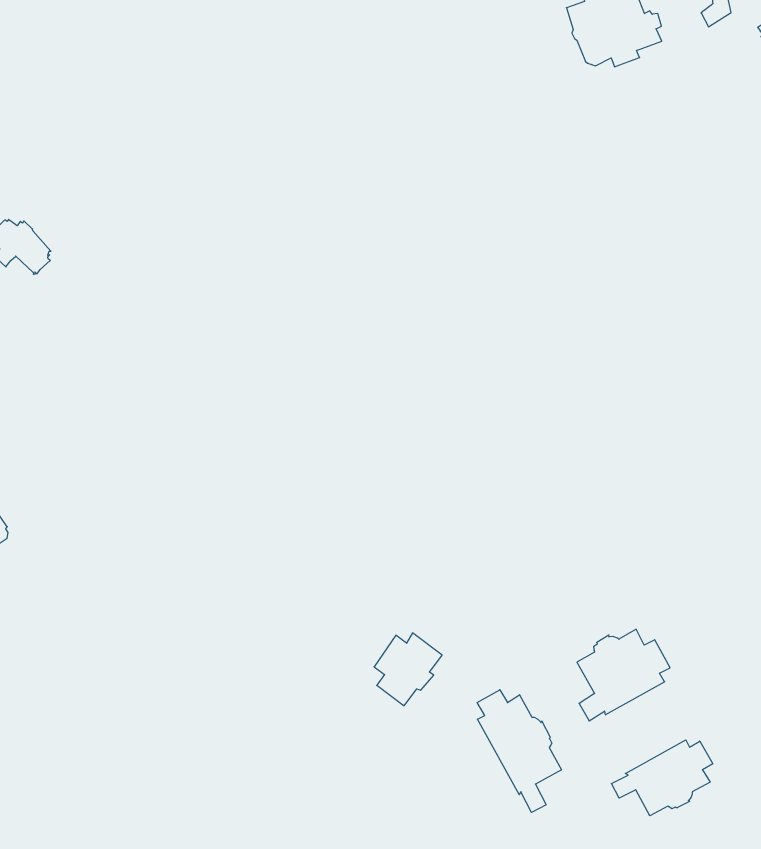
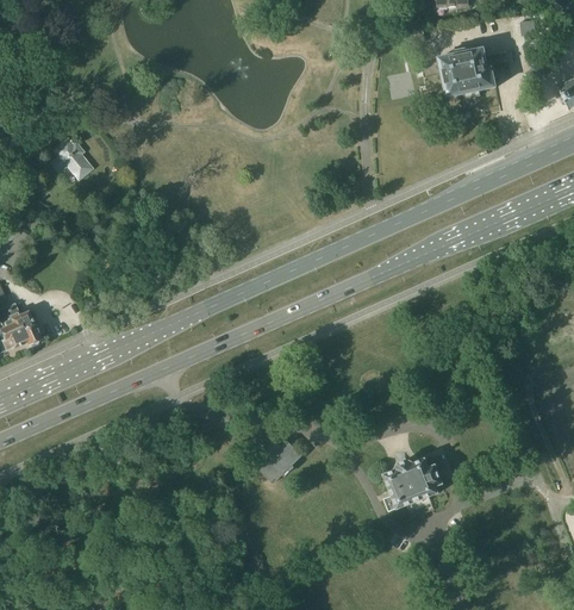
building: [477,690,561,812] -> none
building: [611,740,713,816] -> none

